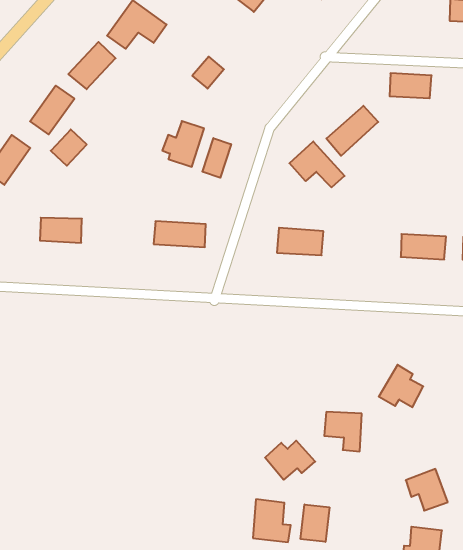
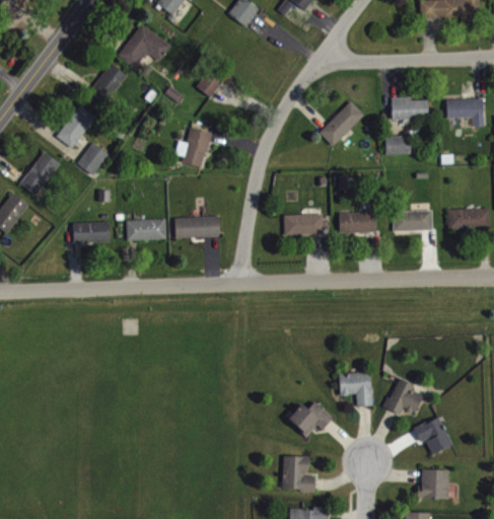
building: [390,73,432,98] -> [392,97,428,119]
building: [202,138,231,178] -> none
building: [289,141,345,187] -> none
building: none -> [385,135,411,154]
building: none -> [127,218,166,239]
building: none -> [339,212,376,233]
building: [379,365,423,407] -> [384,377,423,414]
building: [301,504,329,542] -> none

